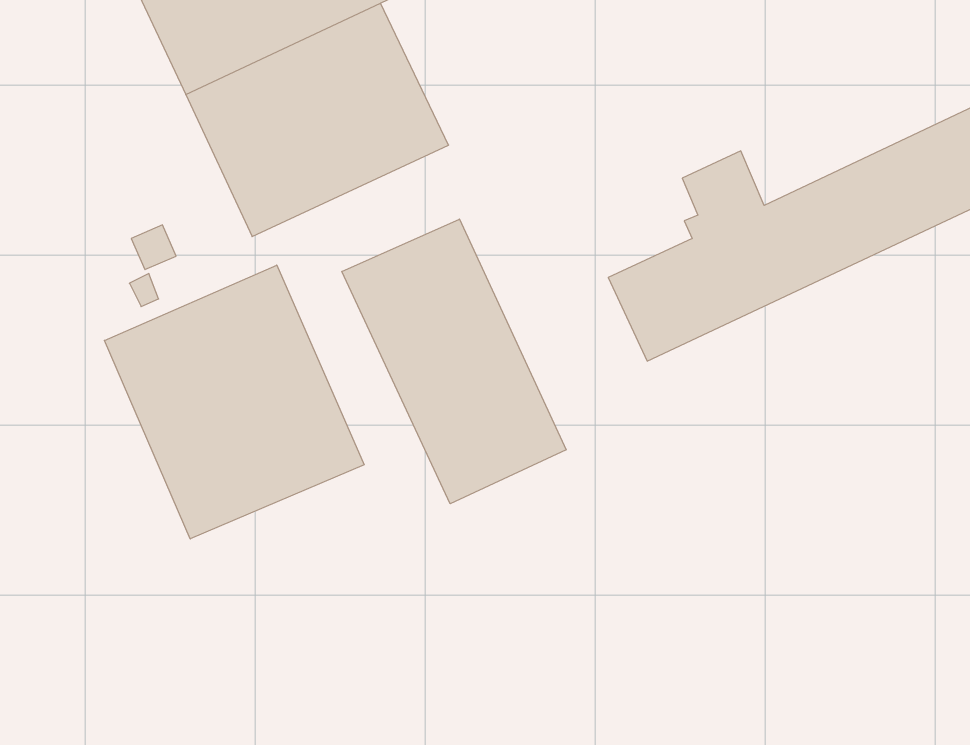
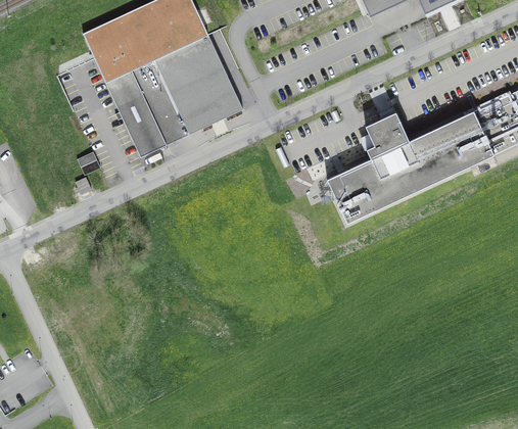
building: [342,219,566,504] -> none
building: [104,265,364,539] -> none

